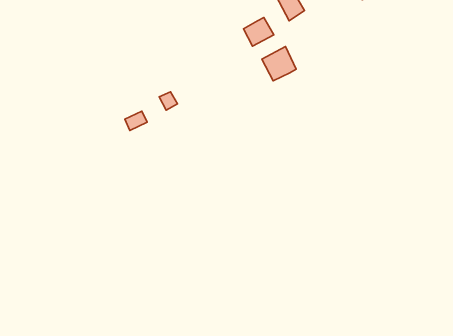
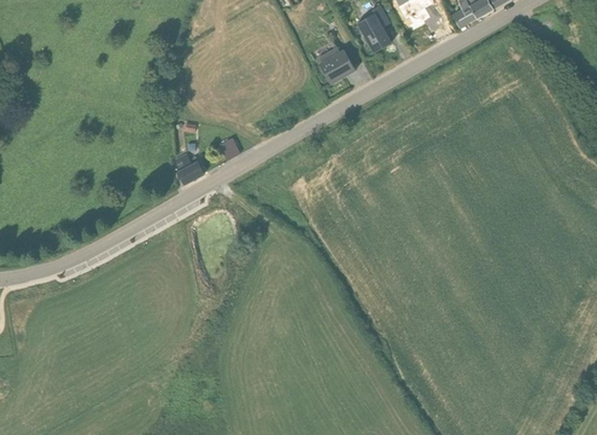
building: [262,47,296,81] -> none

